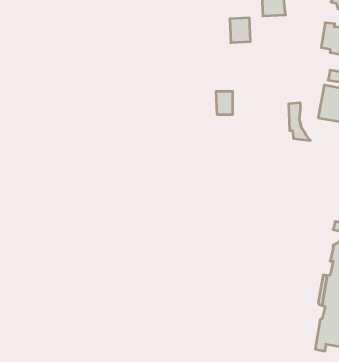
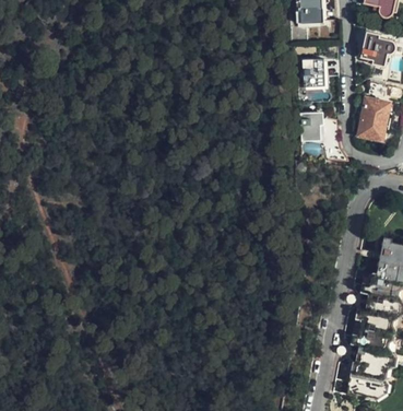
building: [230,18,250,43] -> [301,59,324,86]
building: [216,92,233,114] -> [301,115,320,140]

